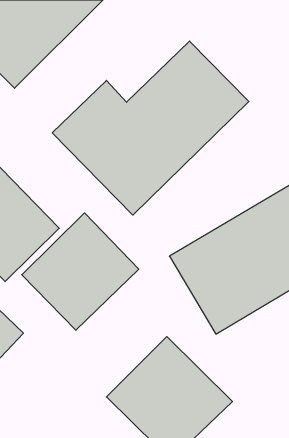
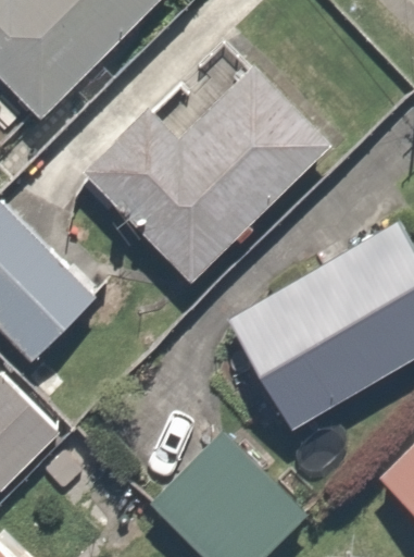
building: [22,213,139,330] -> none

